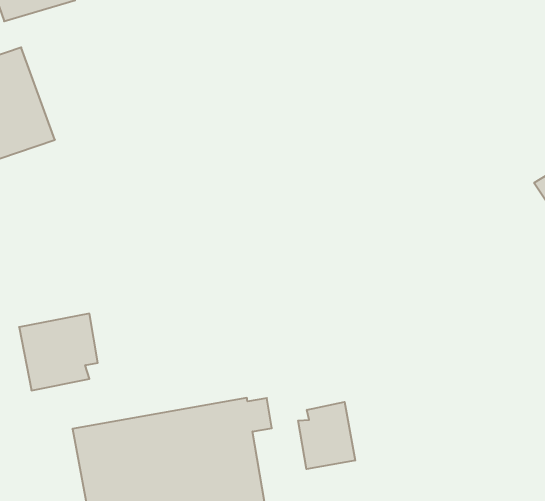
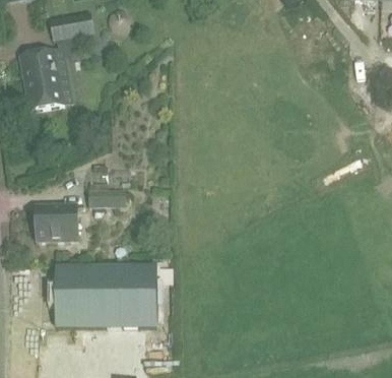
building: none -> [88,187,123,205]
building: [298,402,355,469] -> none

